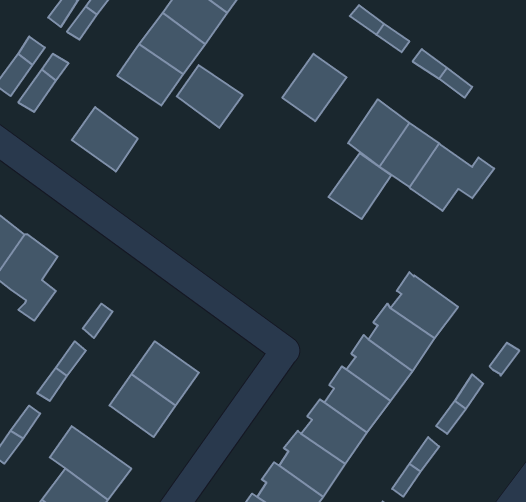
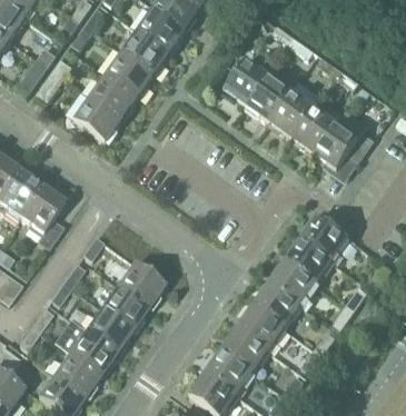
building: [177,65,243,128] -> [91,73,138,118]
building: [328,153,391,219] -> [247,75,291,121]
building: none -> [86,307,132,351]

